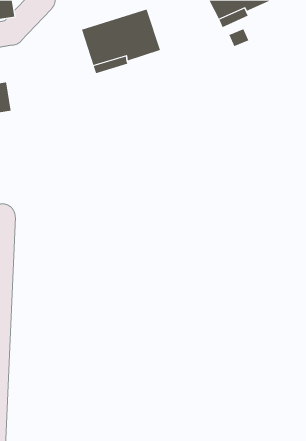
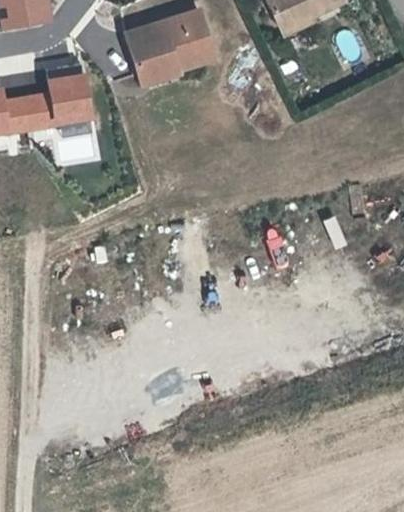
building: none -> [43,69,92,124]

